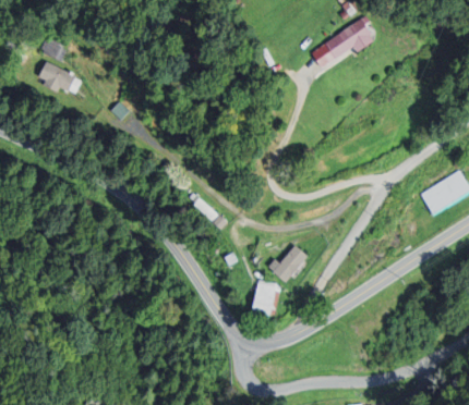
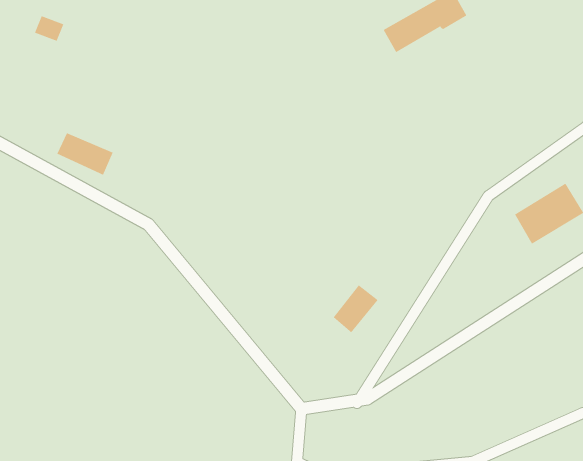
building: [41,64,85,97] -> [56,133,113,175]
building: [255,281,280,321] -> none

